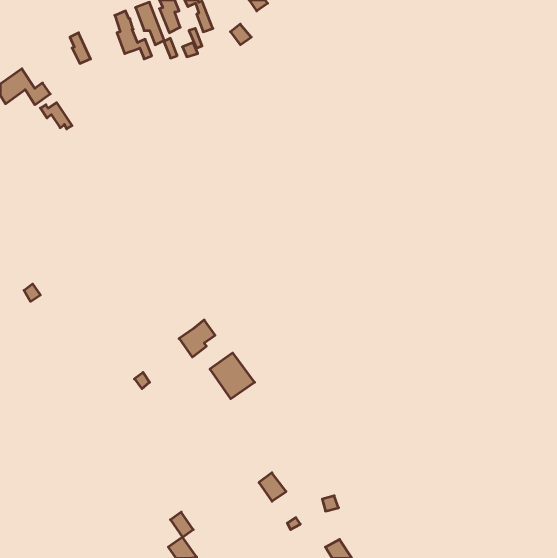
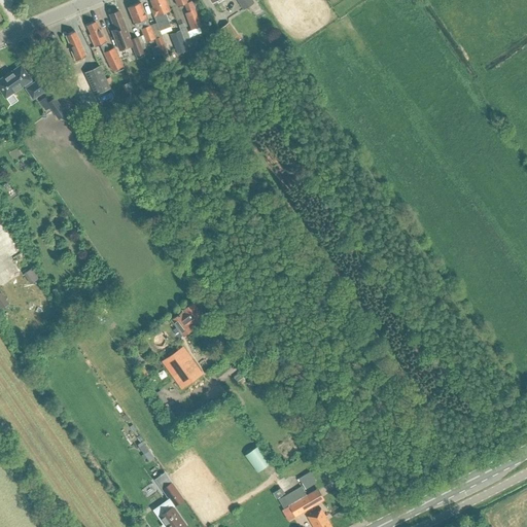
building: none -> [89,22,122,71]
building: none -> [85,66,111,95]
building: [210,353,255,399] -> [162,346,204,389]
building: none -> [278,486,314,516]

